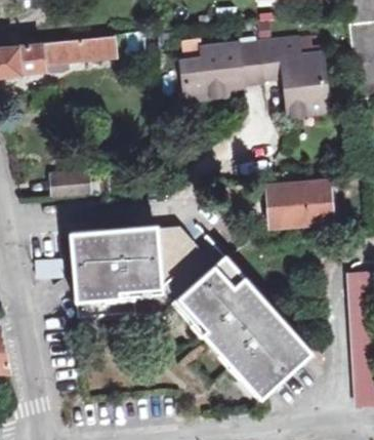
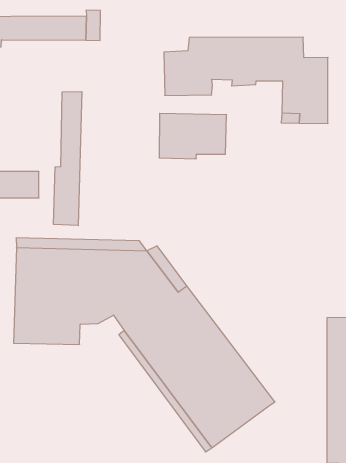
building: none -> [54,92,82,226]
building: [267,182,327,224] -> [159,113,227,159]

